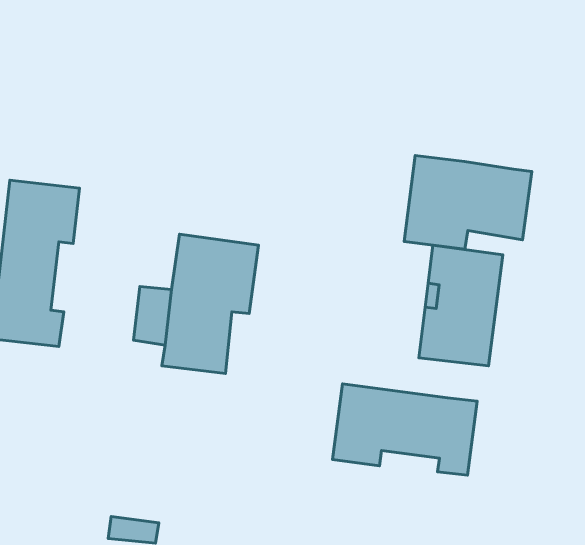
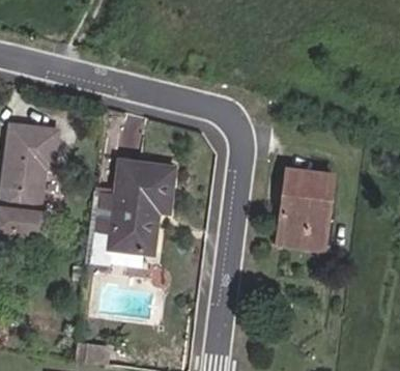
building: [404,155,532,249] -> none
building: [333,384,477,475] -> none

